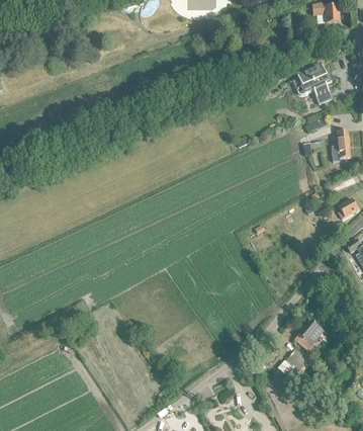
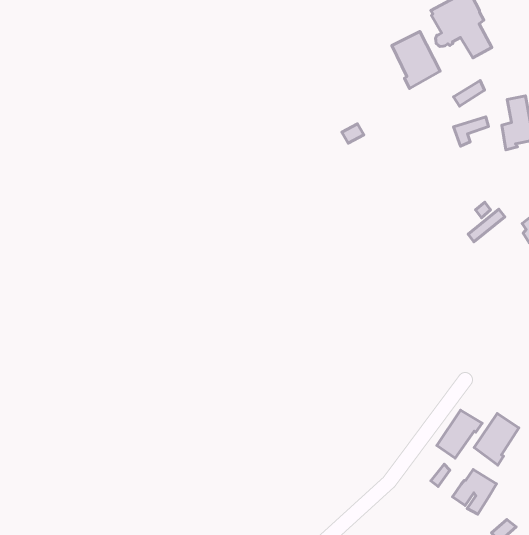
building: none -> [392,31,440,89]
building: none -> [437,410,482,458]

